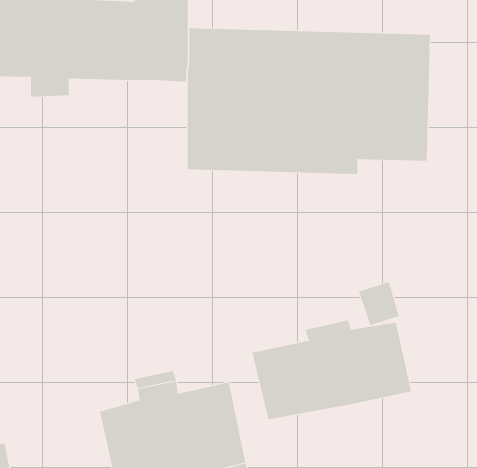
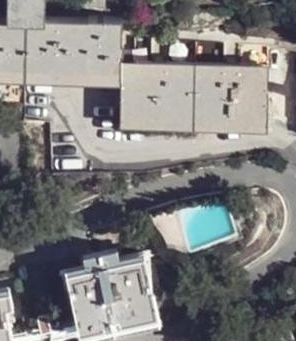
building: [252,320,411,420] -> none

